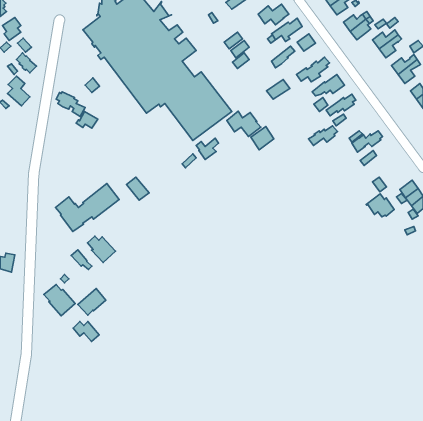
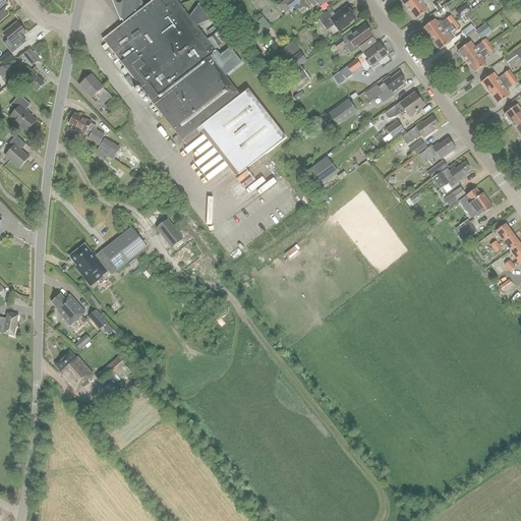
building: none -> [79,73,111,102]
building: none -> [5,134,30,168]
building: [227,111,261,136] -> none
building: [308,126,337,146] -> [418,137,454,162]
building: [366,194,394,217] -> [458,186,493,215]
building: [87,236,116,263] -> [51,292,85,325]
building: [73,322,99,341] -> none

